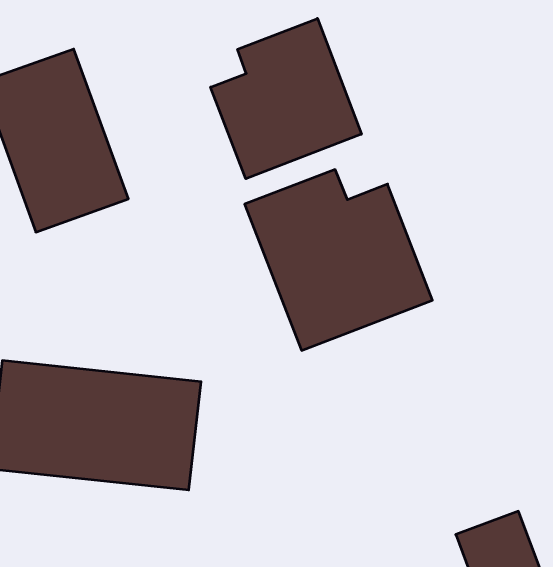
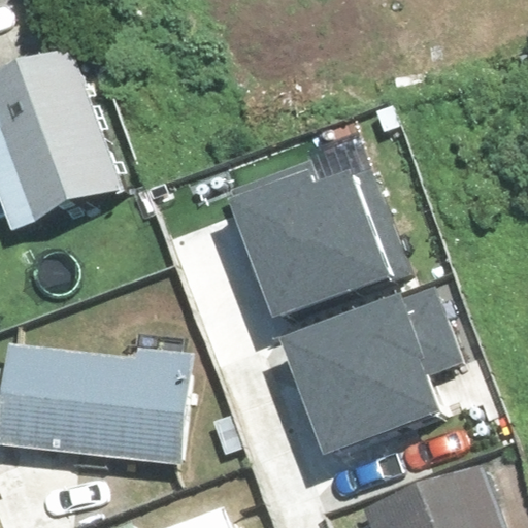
building: [211,18,361,179] -> none
building: none -> [285,286,458,453]

